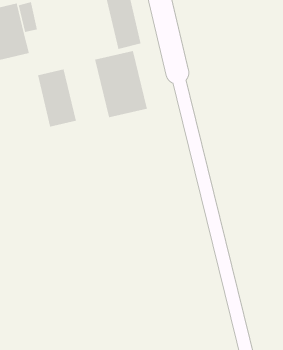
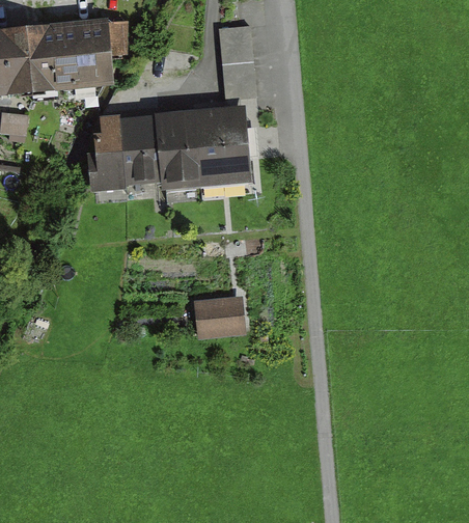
building: none -> [155,106,201,187]
building: none -> [87,111,127,189]
building: none -> [194,296,247,339]

